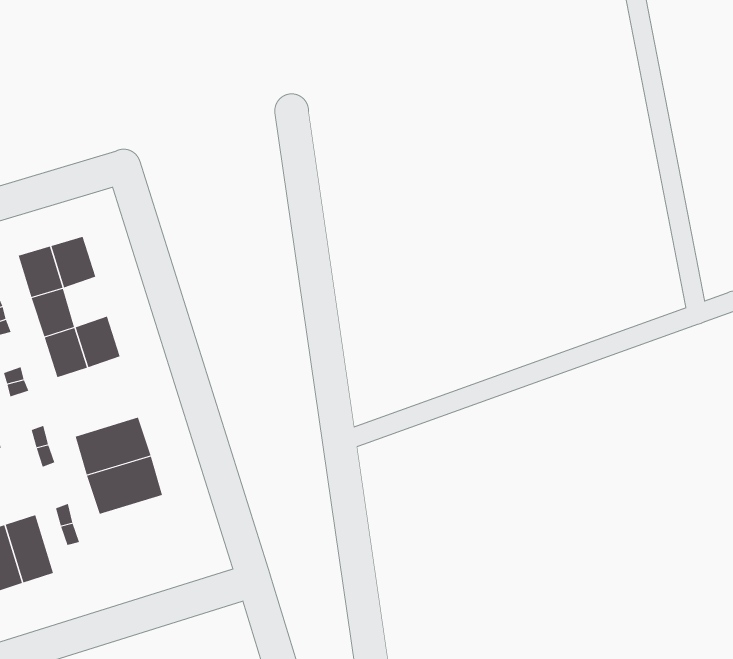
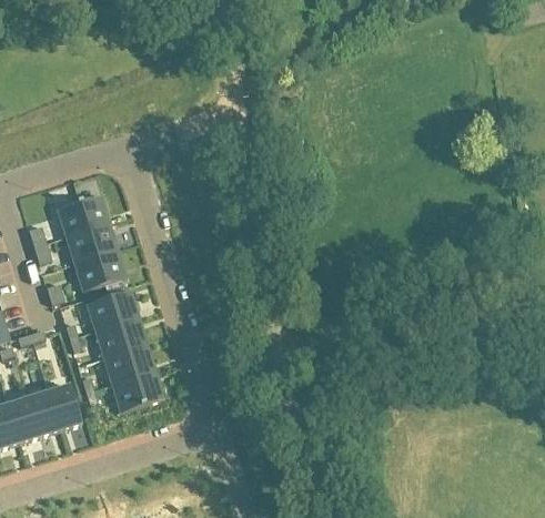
building: none -> [87,221,117,255]
building: none -> [85,288,138,329]
building: none -> [111,369,163,410]

